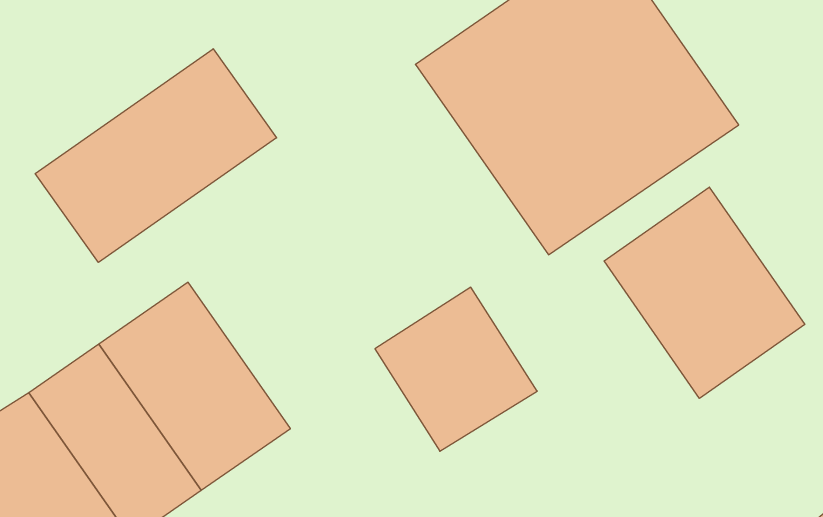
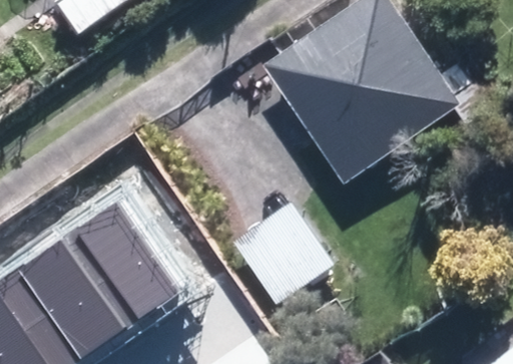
building: [35,49,277,262] -> none
building: [604,187,805,398] -> none

